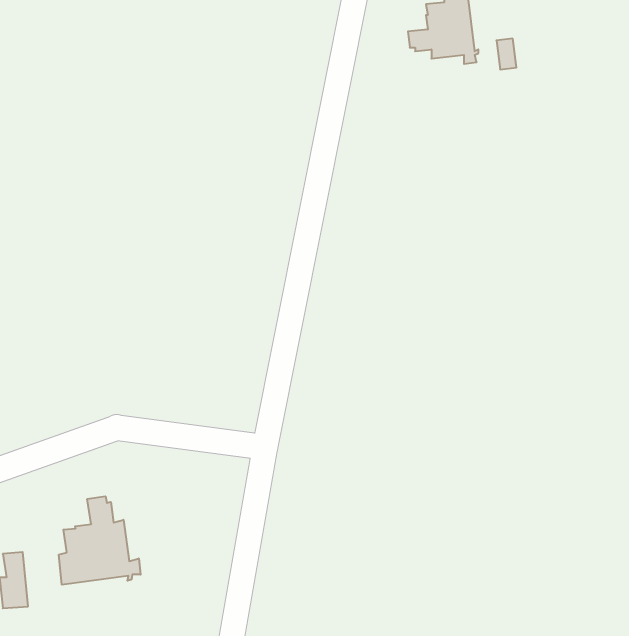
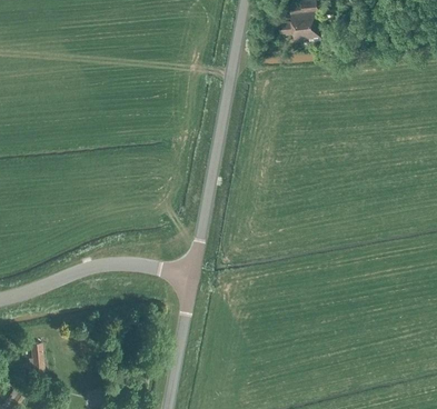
building: [59,496,141,585] -> none

